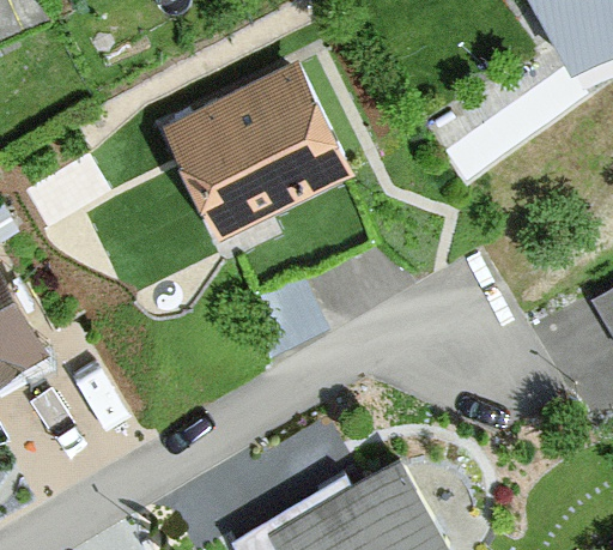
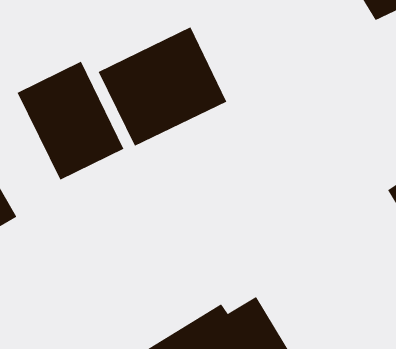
building: none -> [17,61,124,180]

